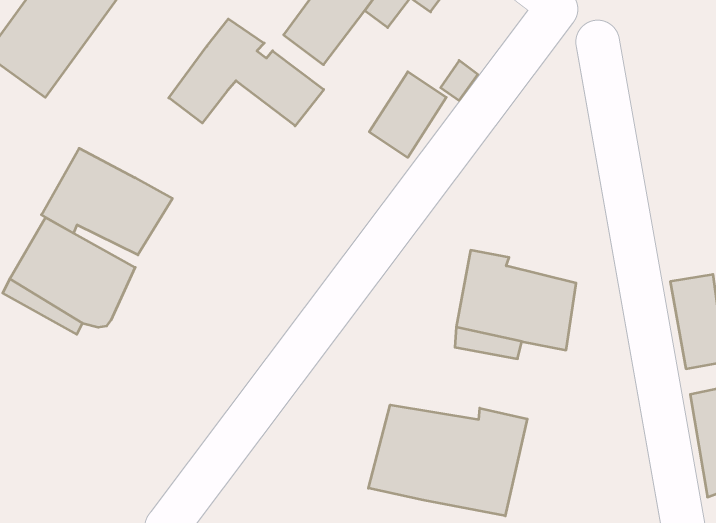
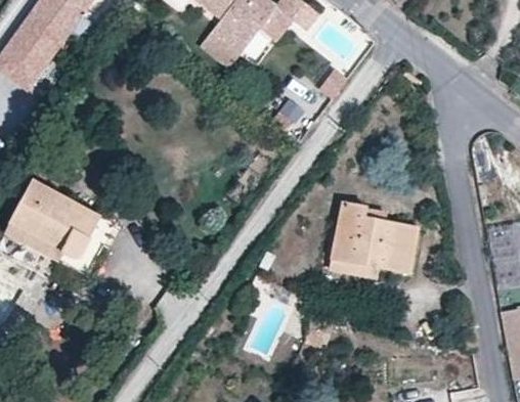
building: [169,19,324,126] -> none
building: [41,148,172,255] -> none
building: [368,405,527,516] -> none

